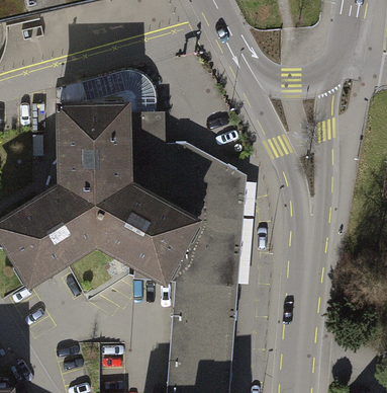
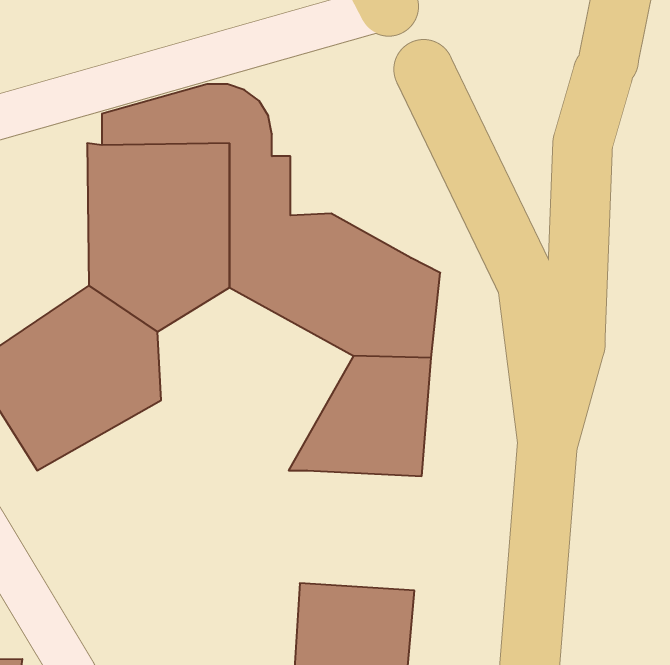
building: [92,183,199,284] -> none
building: [170,284,236,349] -> none

